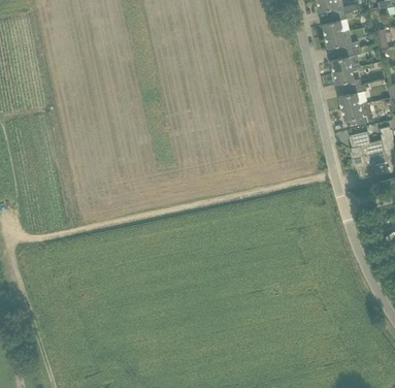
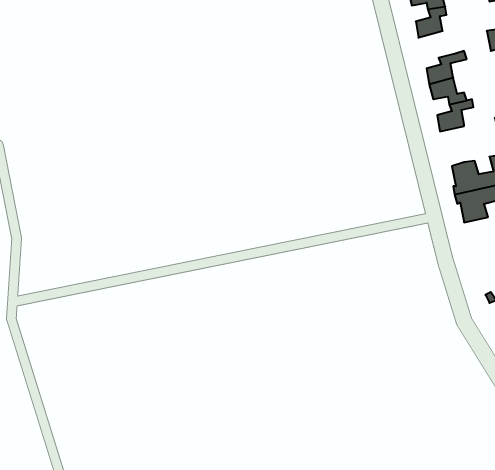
building: [325,31,360,52] -> none
building: [341,101,373,124] -> none

